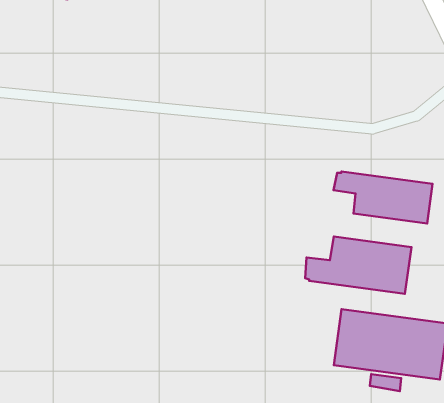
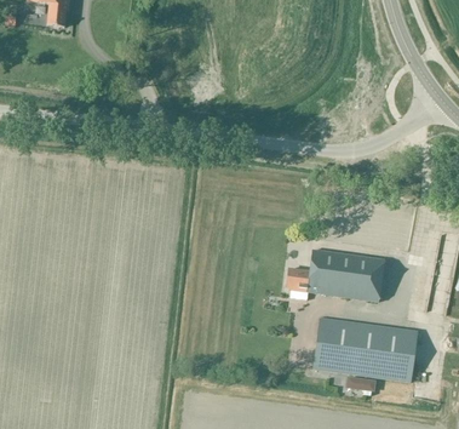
building: [334,172,432,224] -> none

